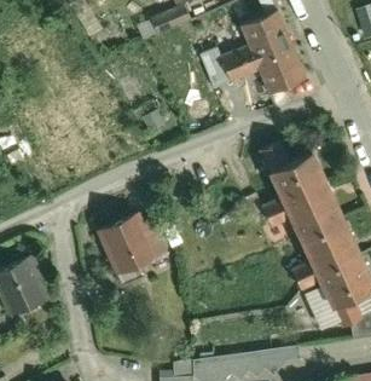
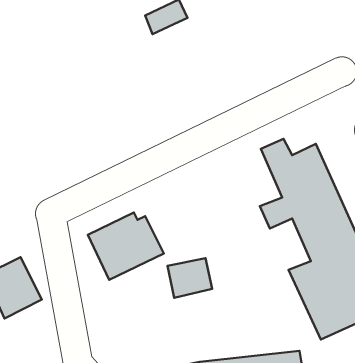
building: [198,12,306,97] -> none
building: none -> [168,258,212,298]

